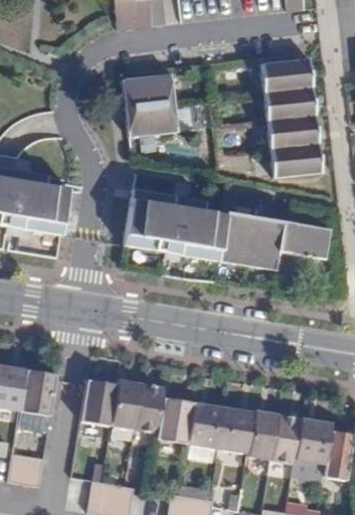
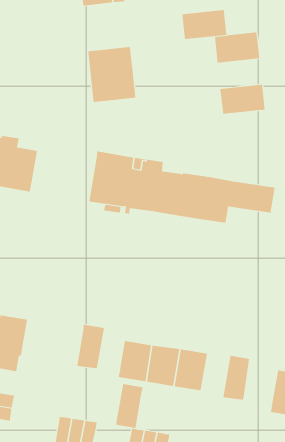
building: [264,88,315,121] -> [181,9,227,40]
building: [271,144,321,176] -> none
building: [80,379,118,425] -> none
building: [134,383,165,433] -> [115,383,143,428]
building: [247,410,279,460] -> none
building: [295,417,332,464] -> none

